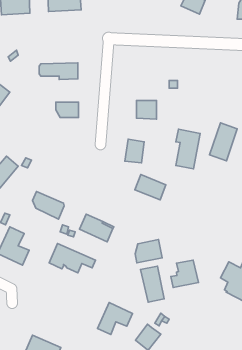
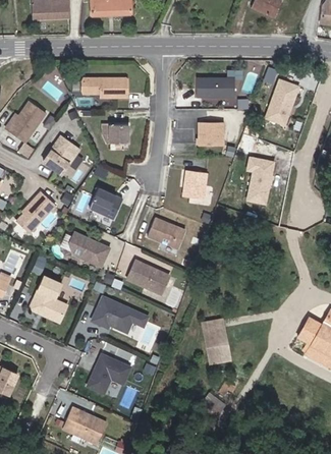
building: none -> [196,78,233,98]
building: none -> [41,135,77,174]
building: [210,123,237,161] -> [266,79,299,125]
building: none -> [89,188,122,219]
building: [135,175,166,200] -> [148,218,185,248]
building: [135,239,162,263] -> none
building: [171,260,198,288] -> none
building: [97,303,133,334] -> [88,354,130,393]

